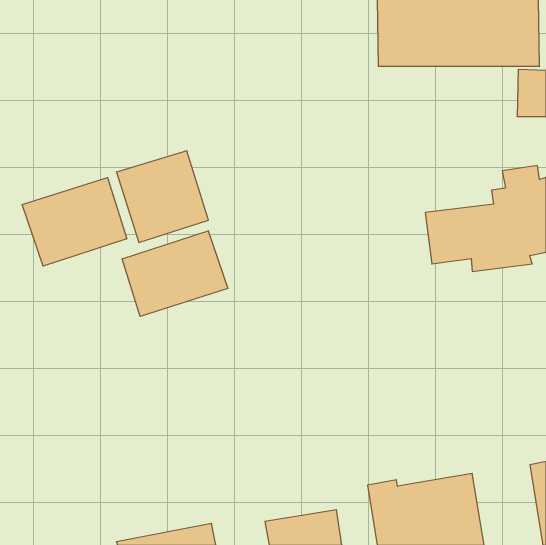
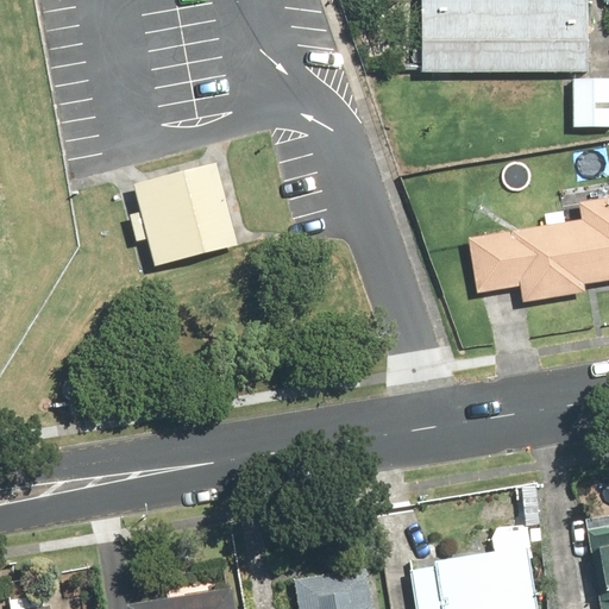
building: [22,178,127,266] -> none
building: [122,231,228,316] -> none

